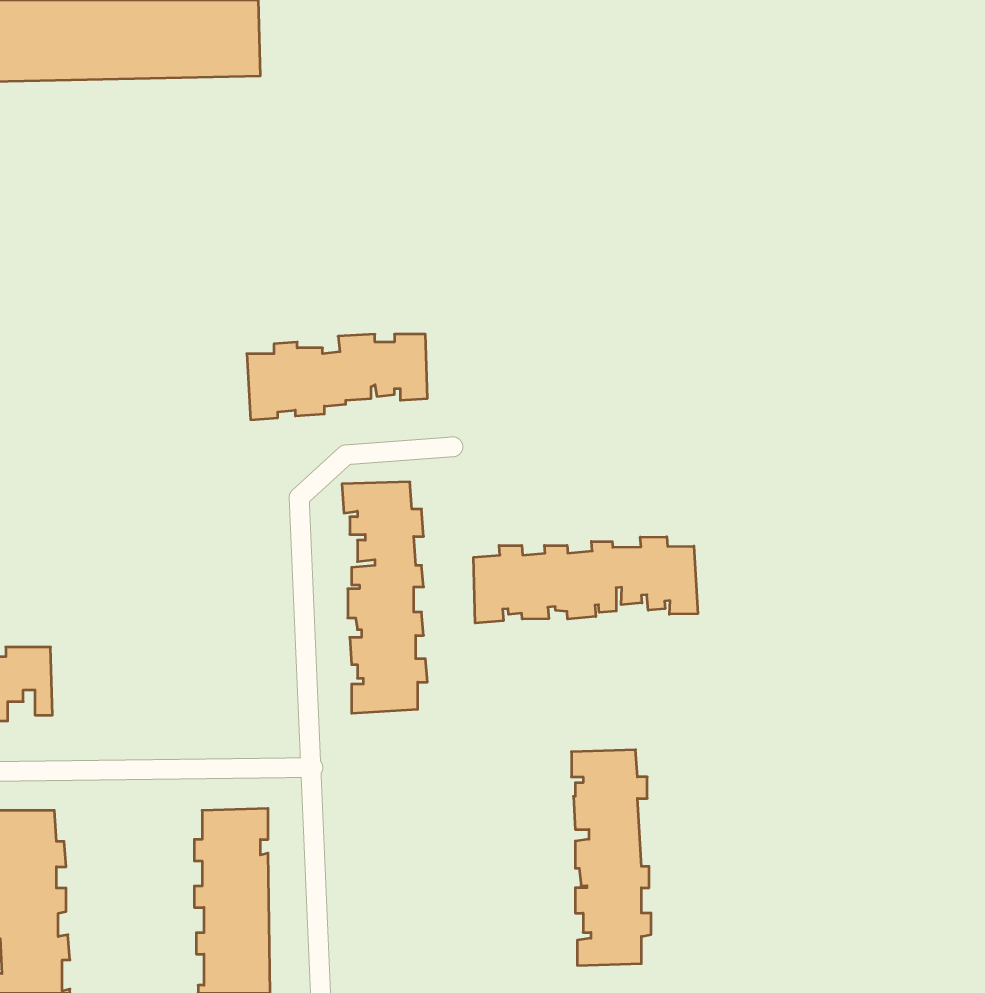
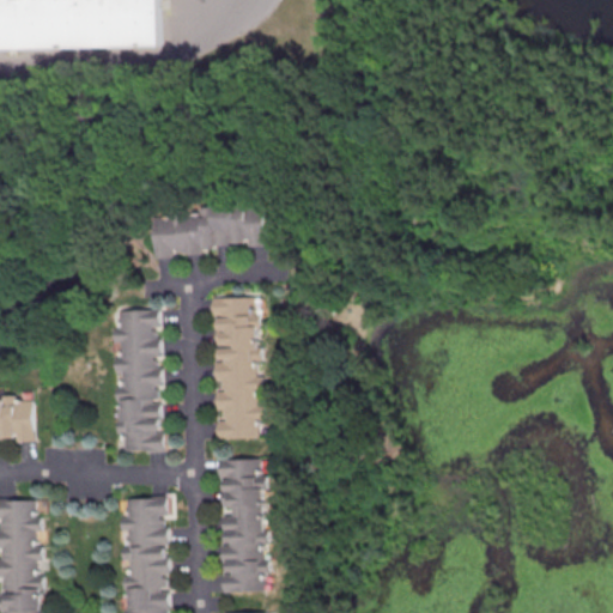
building: none -> [113,310,164,455]
building: [474,537,698,623] -> none
building: [571,750,651,965] -> [219,460,268,593]

